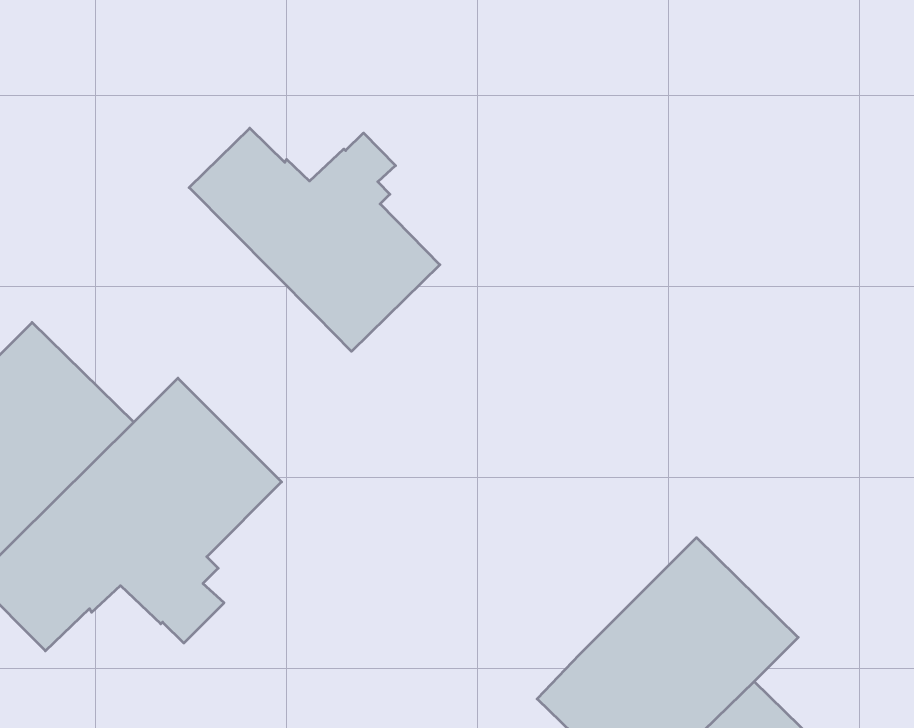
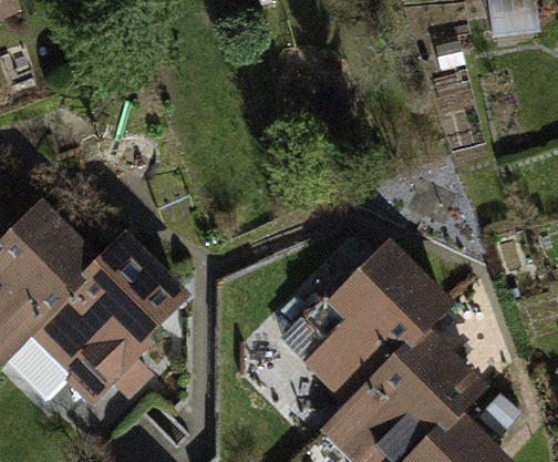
building: [189,128,440,351] -> none
building: none -> [285,247,447,400]

